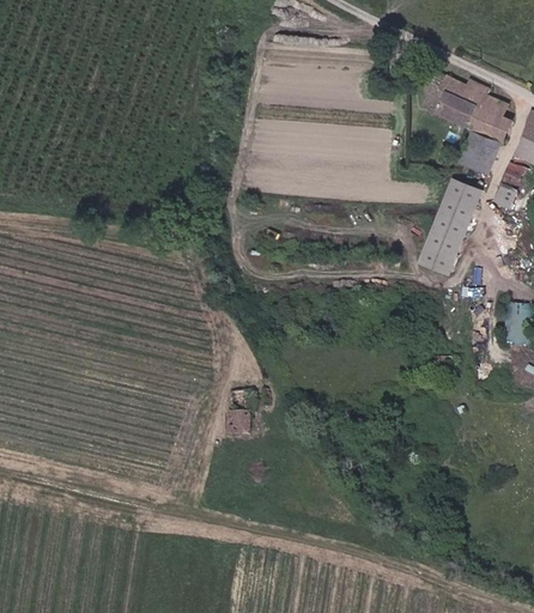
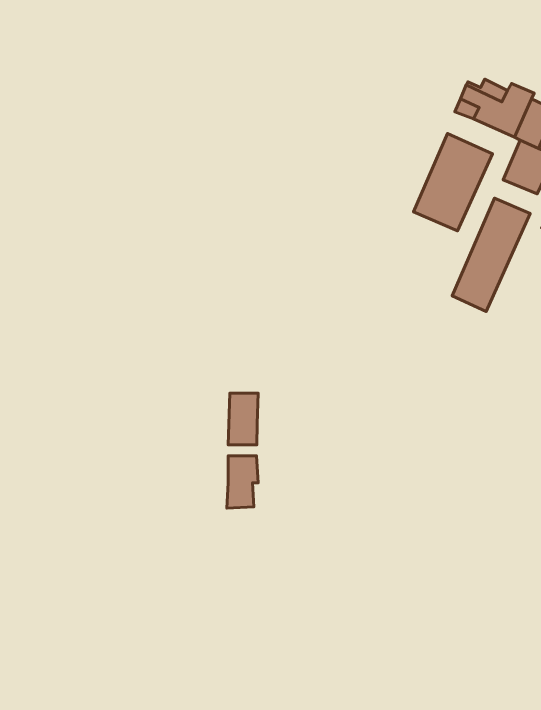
building: none -> [414,134,493,231]
building: none -> [228,393,258,445]

